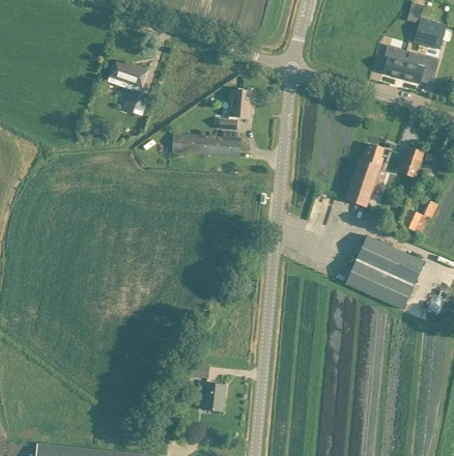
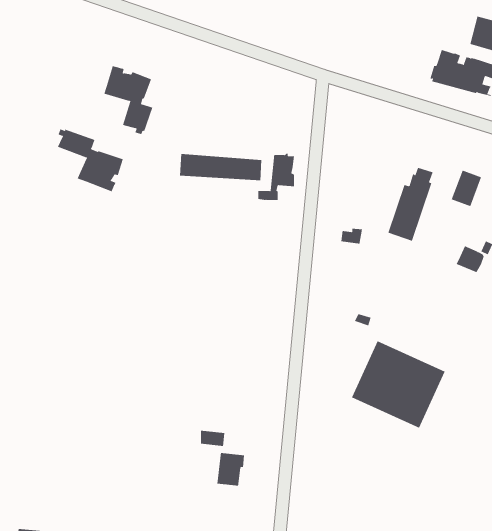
building: [219,89,250,129] -> [257,153,295,200]
building: none -> [57,129,124,192]
building: [345,235,424,309] -> [351,340,445,429]

